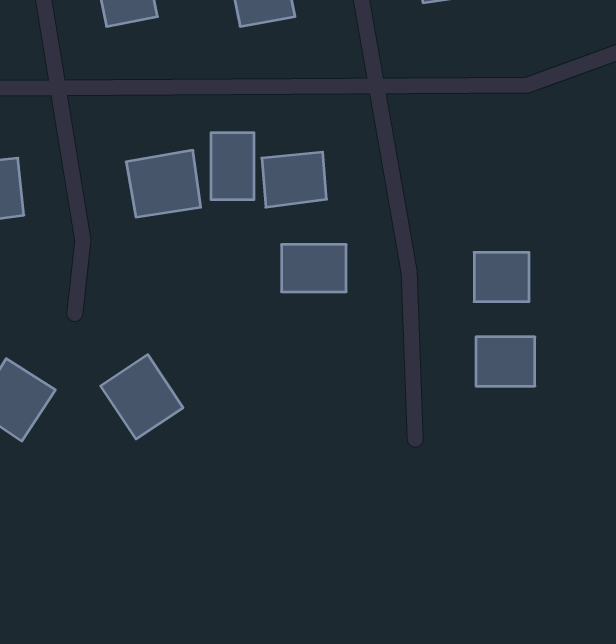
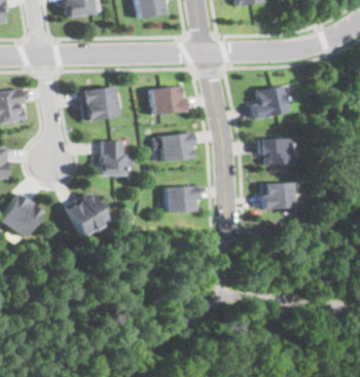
building: [211,133,254,200] -> [101,140,123,175]
building: none -> [252,84,289,117]
building: none -> [166,186,197,211]

